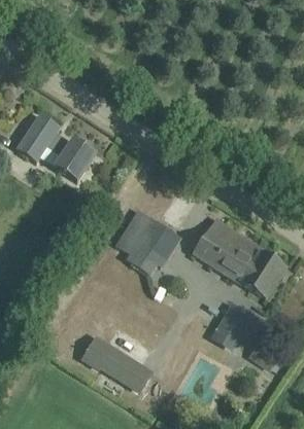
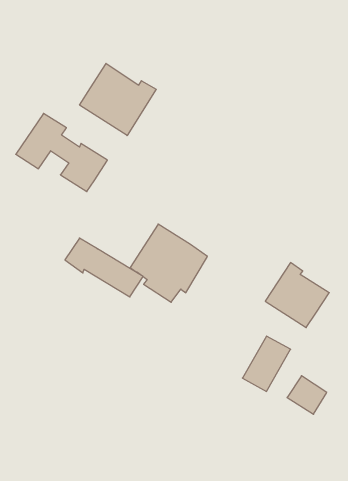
building: none -> [80,63,156,136]
building: [194,219,251,275] -> none
building: [83,338,150,389] -> [65,238,143,297]

